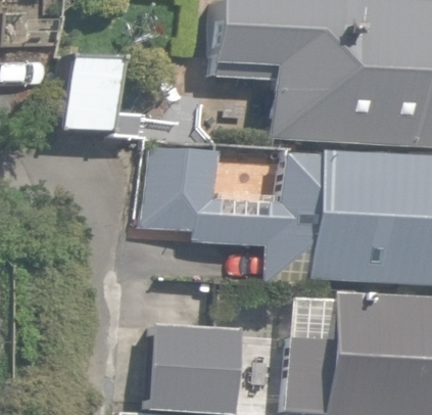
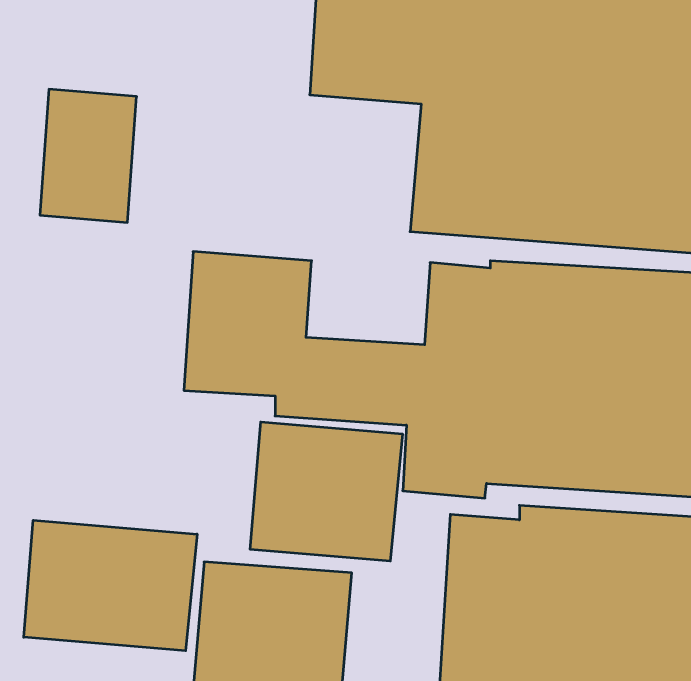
building: none -> [250,422,402,561]
building: none -> [24,520,197,651]

